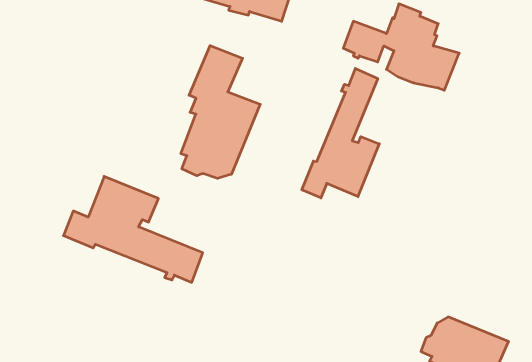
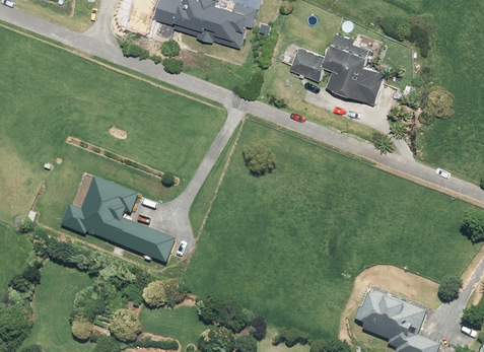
building: [181,46,260,178] -> none
building: [302,68,379,198] -> none

